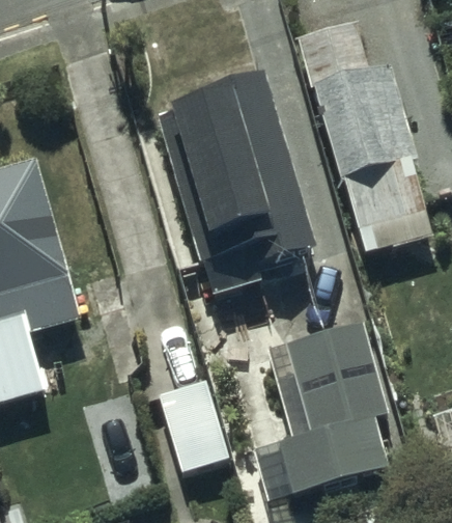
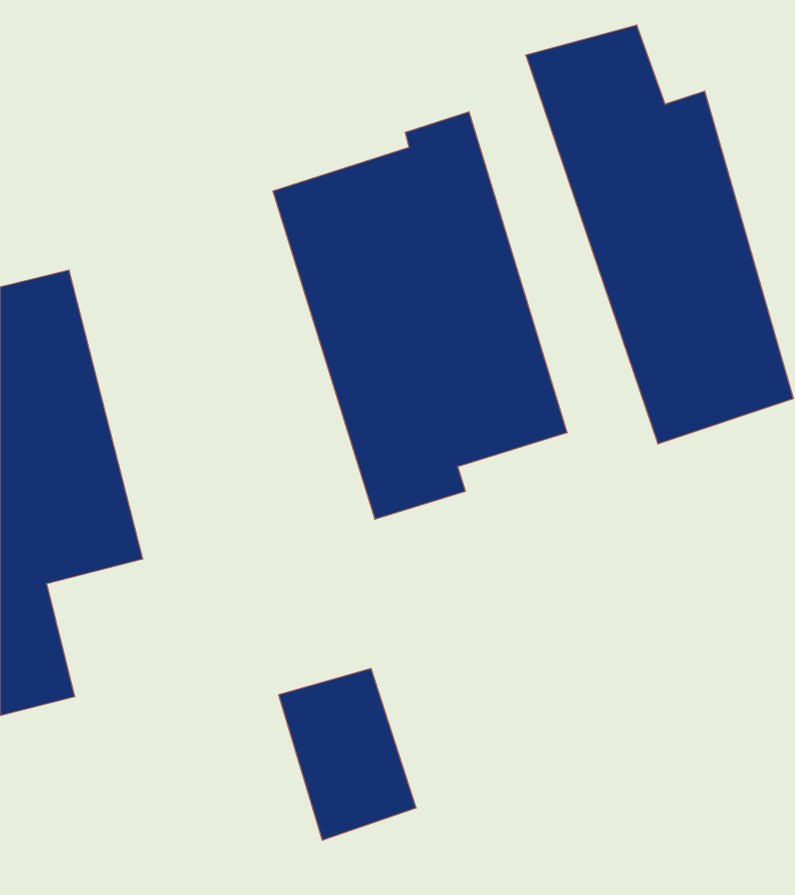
building: [257,316,403,493] -> none

